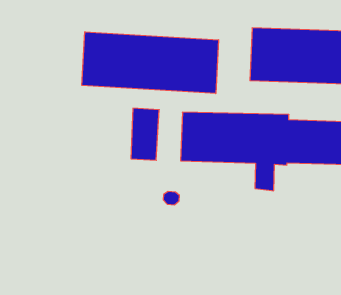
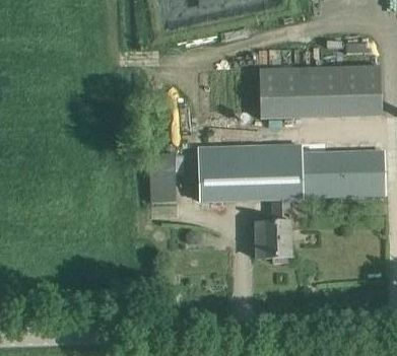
building: [82,32,219,94] -> none
building: none -> [256,222,290,258]

